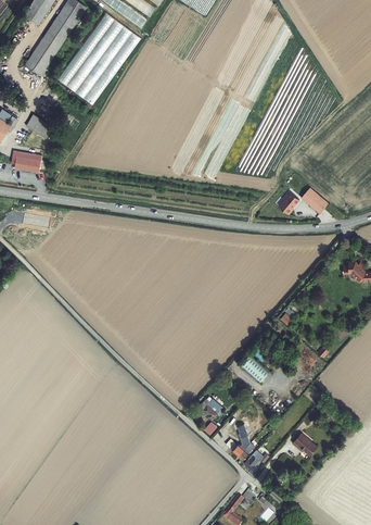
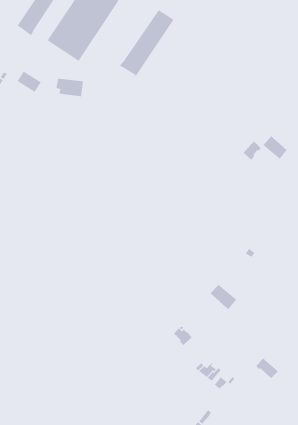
building: none -> [119,9,175,77]
building: [11,151,42,173] -> [56,78,84,97]

